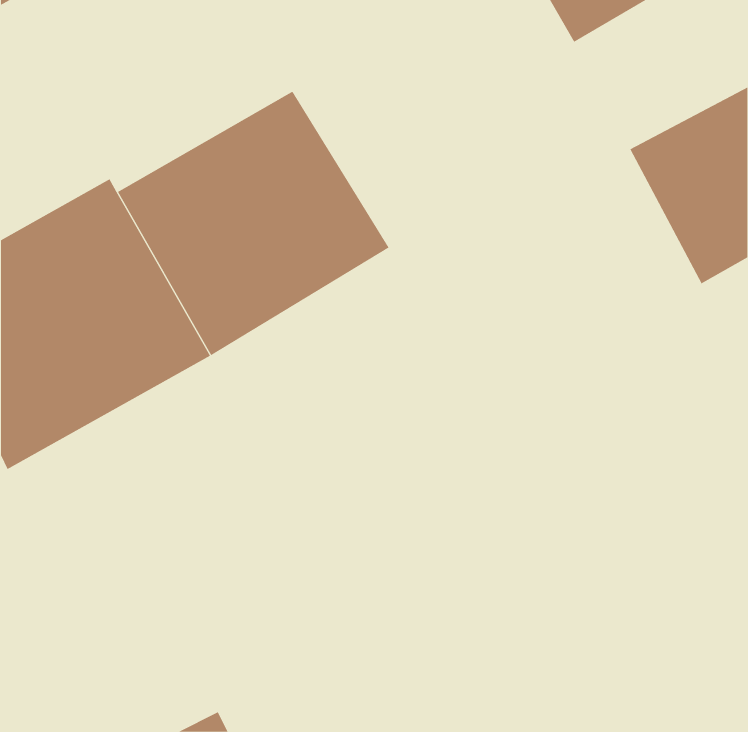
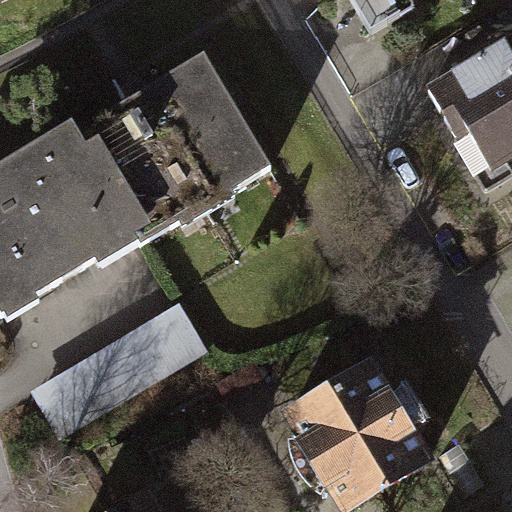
building: none -> [36,297,211,433]
building: none -> [295,351,429,493]

